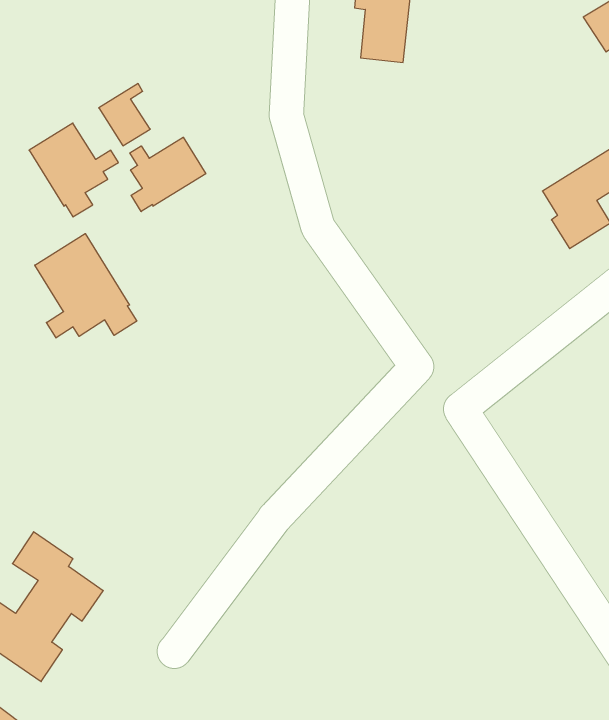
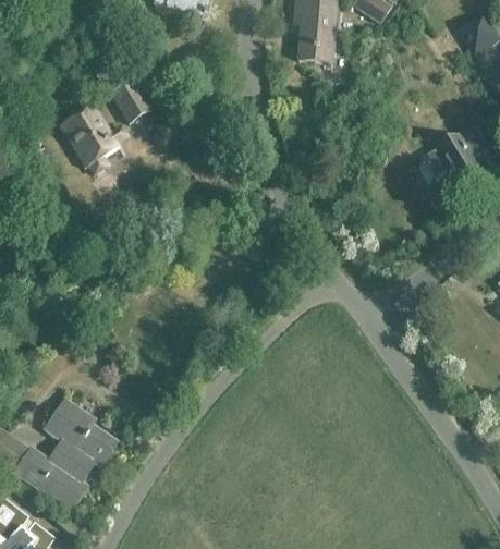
building: [130,137,206,212] -> none
building: [35,234,137,338] -> none

